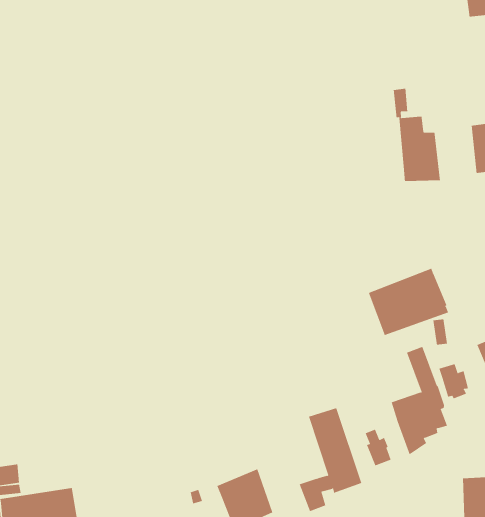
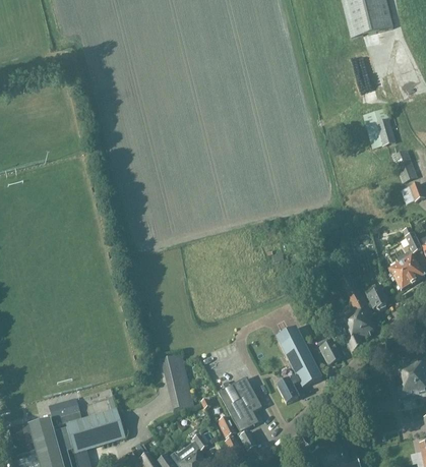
building: [393,88,441,182] -> none
building: [368,268,449,336] -> none
building: none -> [162,354,193,409]

